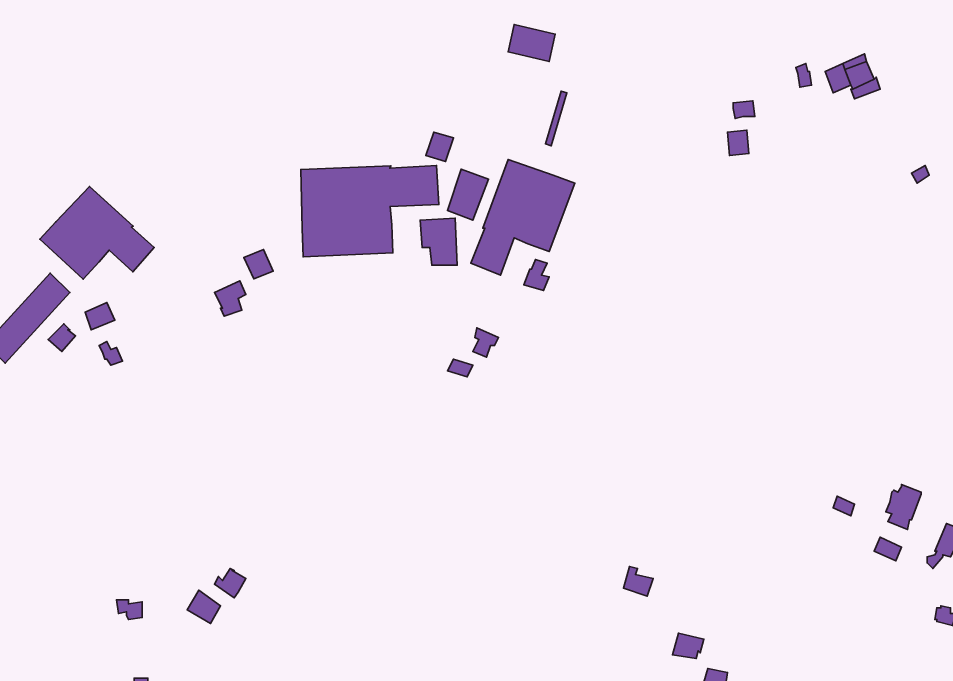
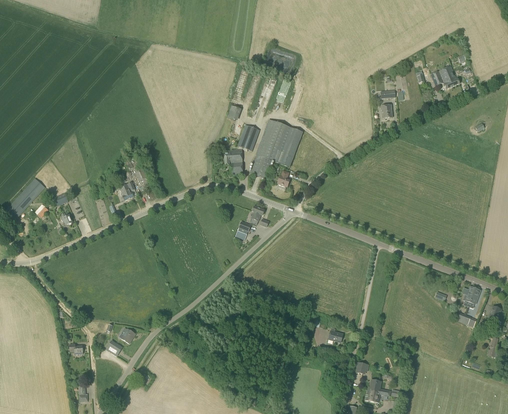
building: [301,166,439,257] -> none
building: [40,186,154,279] -> none

